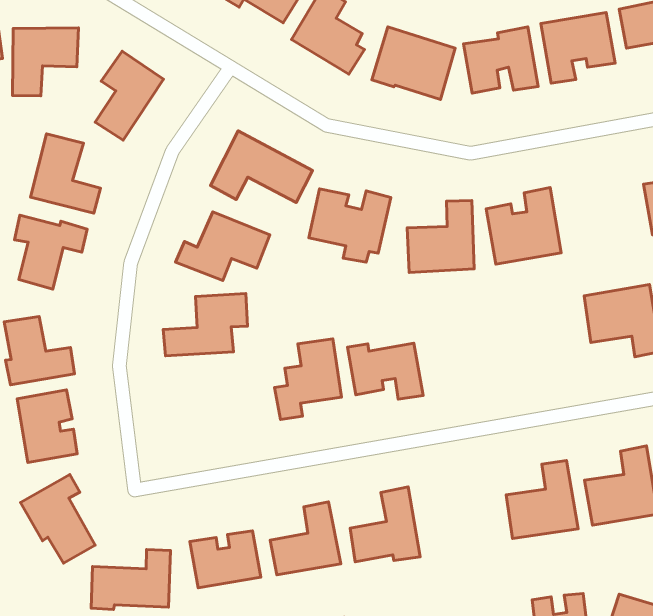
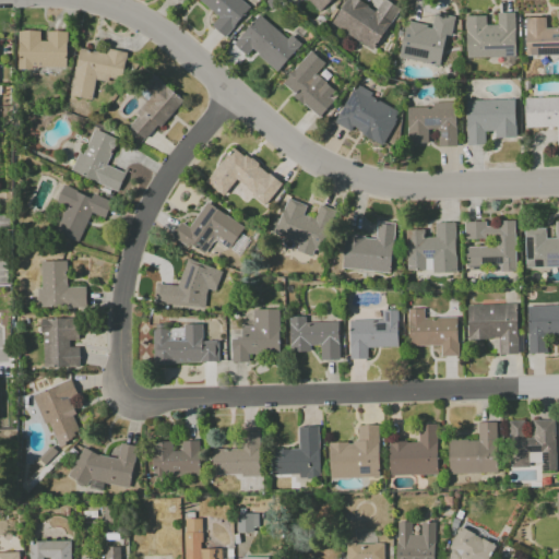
building: none -> [465,221,516,272]
building: none -> [408,309,459,357]
building: none -> [349,309,399,359]
building: none -> [153,325,219,364]
building: none -> [329,425,380,478]

